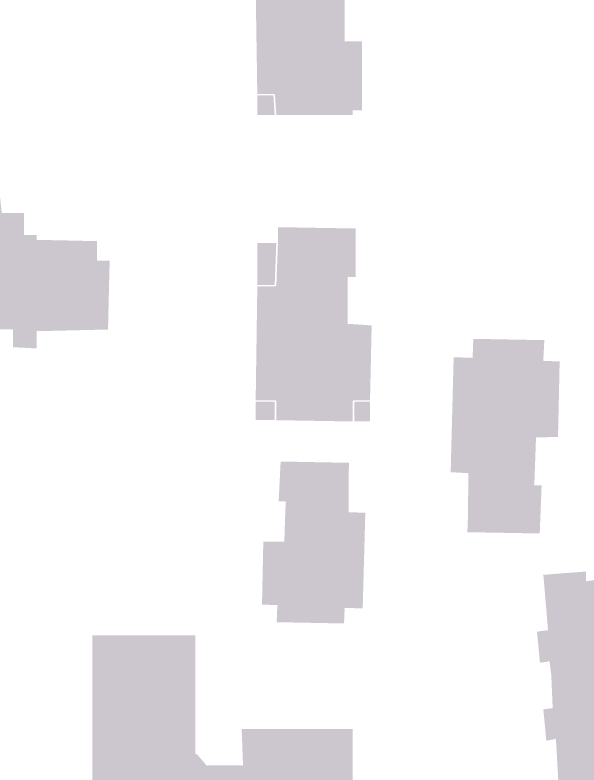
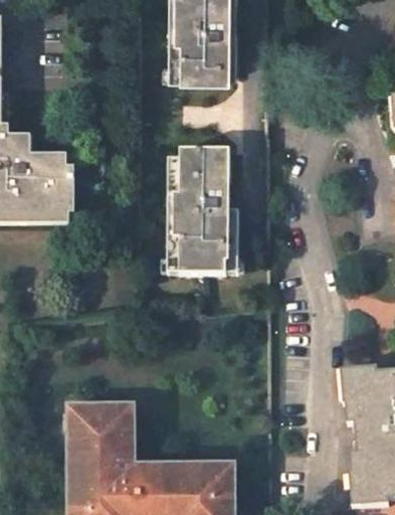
building: [450,338,560,534] -> none
building: [262,461,366,624] -> none

